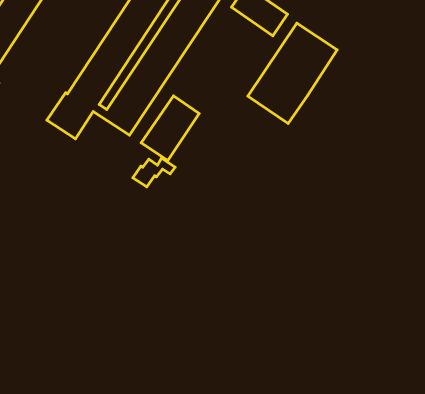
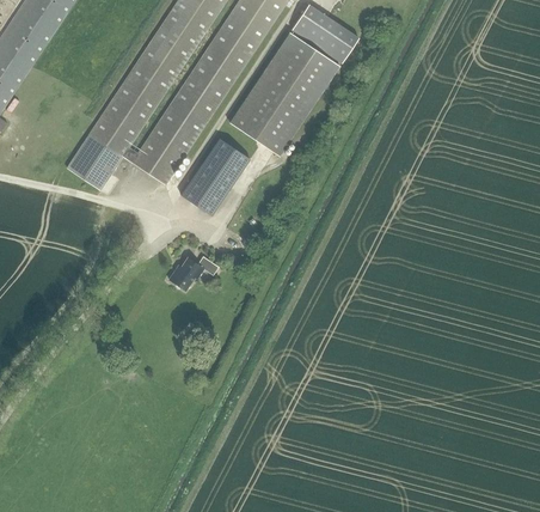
building: [248,23,337,124] -> [229,33,338,156]
building: [133,158,175,187] -> [167,256,219,291]

